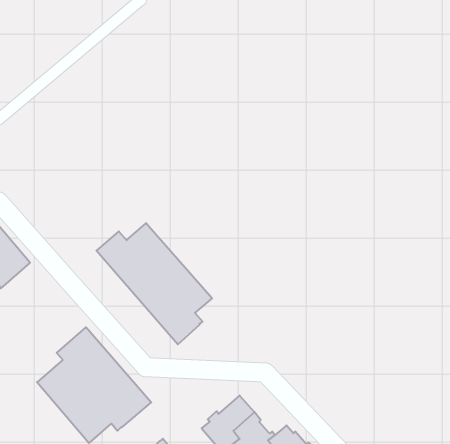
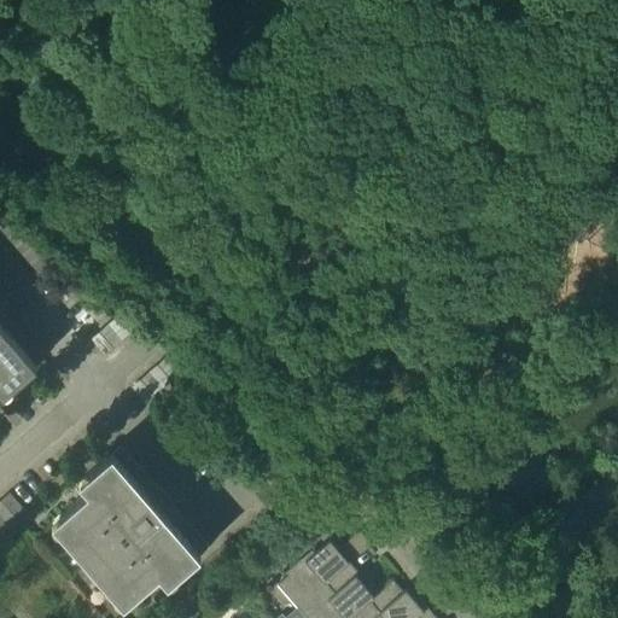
building: [96,223,212,344] -> none

